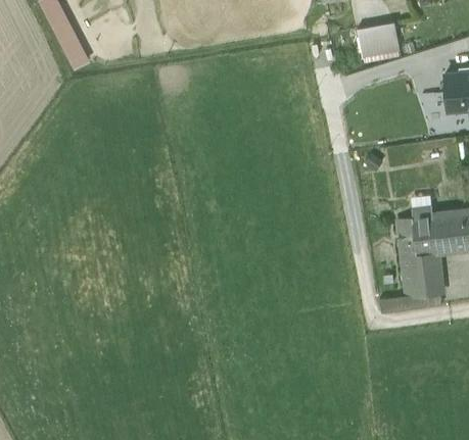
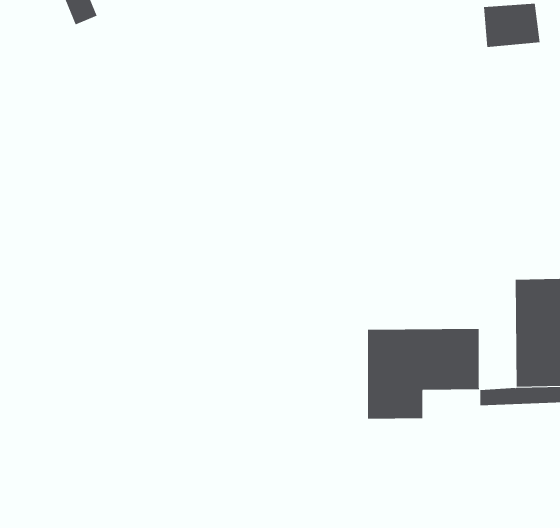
building: none -> [367,328,480,419]

